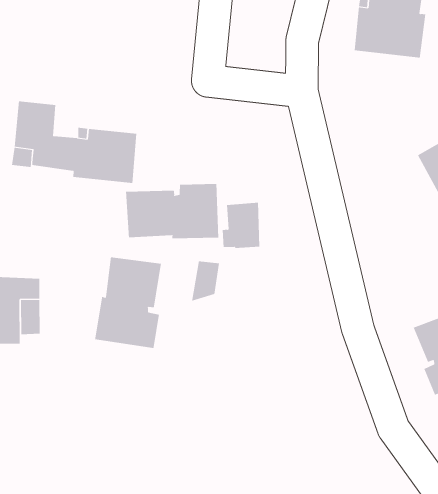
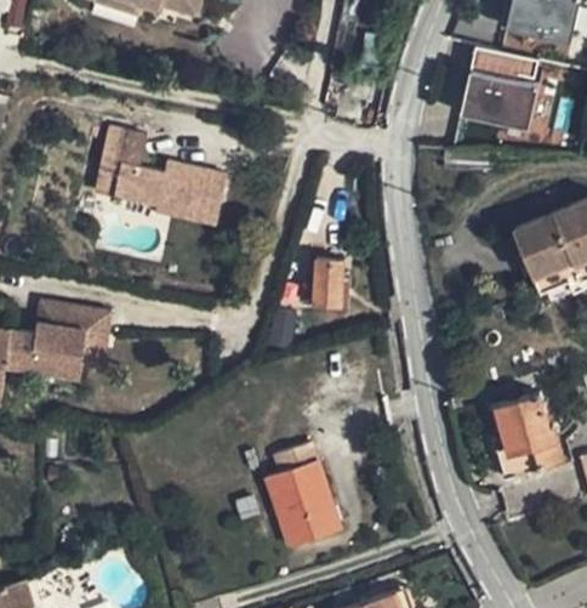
building: [126,183,219,239] -> none
building: [94,257,161,349] -> none
building: none -> [267,442,341,547]

